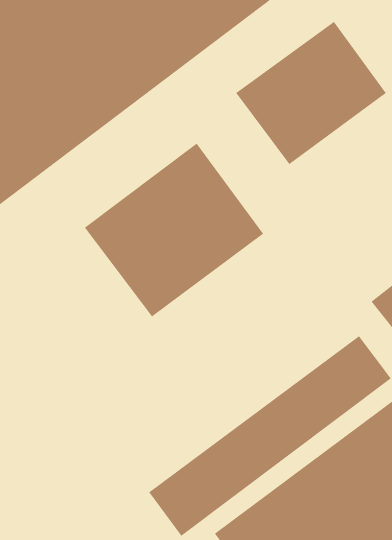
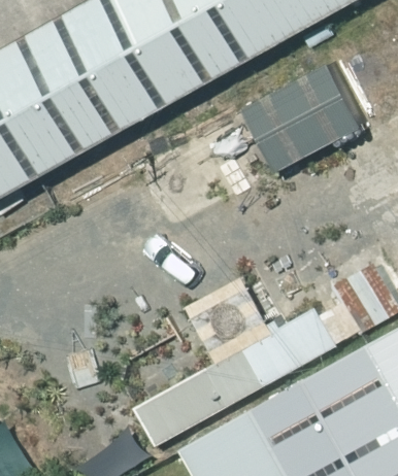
building: [84,143,264,317] -> none

